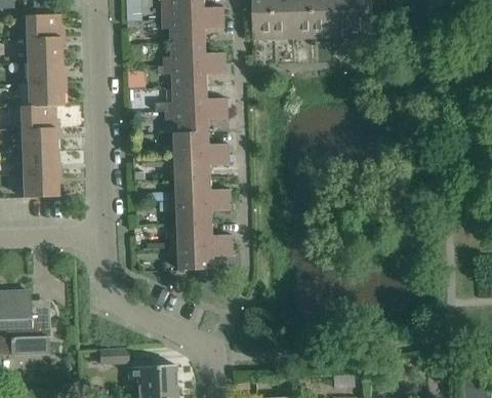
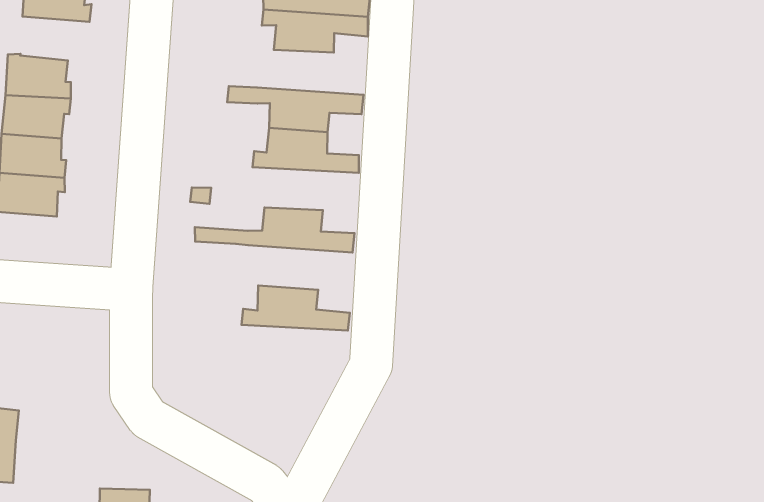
building: [26,82,65,106] -> none
building: [165,85,227,110] -> none
building: [167,153,229,178] -> none
building: [169,199,231,224] -> none
building: [170,244,232,270] -> none

